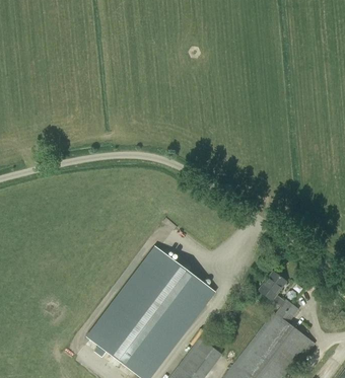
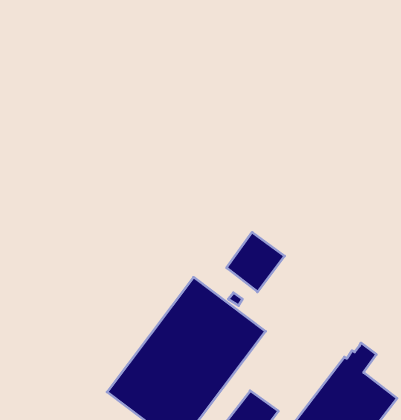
building: none -> [227,232,285,292]
building: [259,271,287,307] -> none

